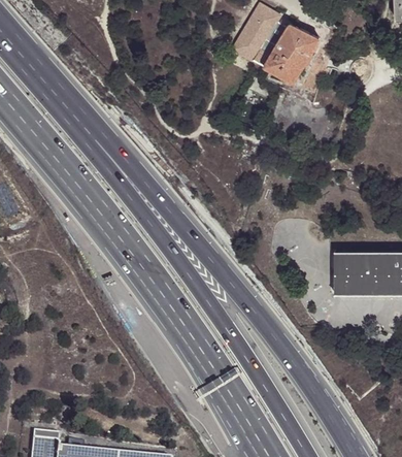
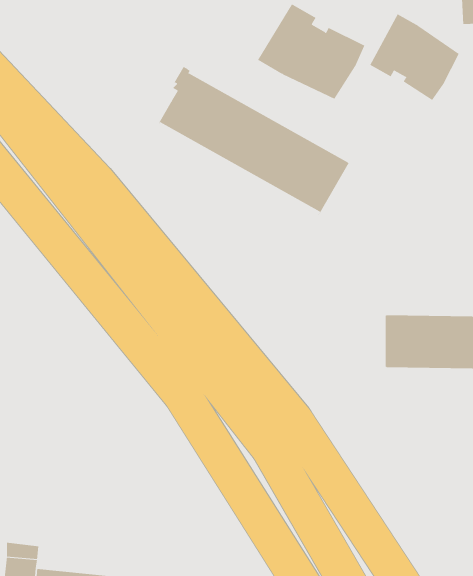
building: none -> [369,14,460,101]
building: none -> [158,66,350,215]

